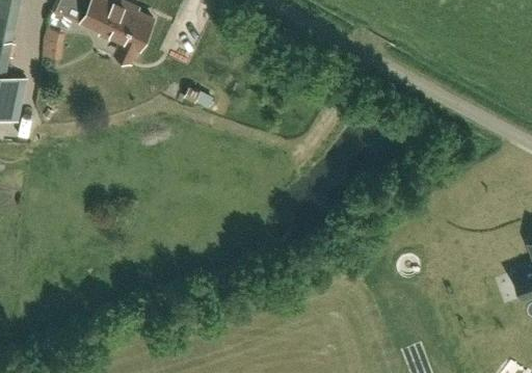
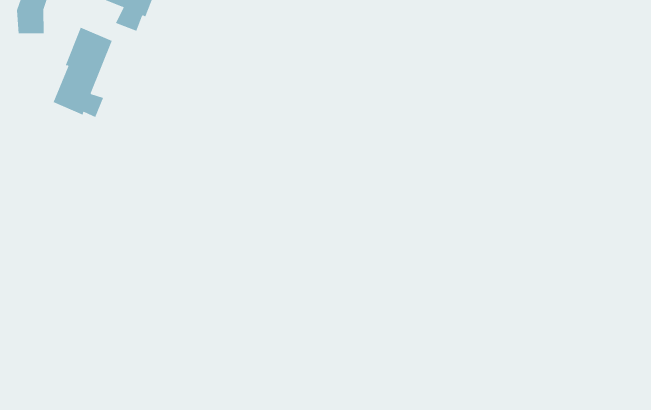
building: none -> [53,27,113,118]

